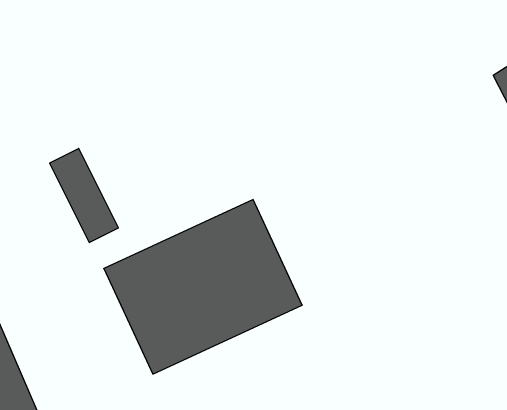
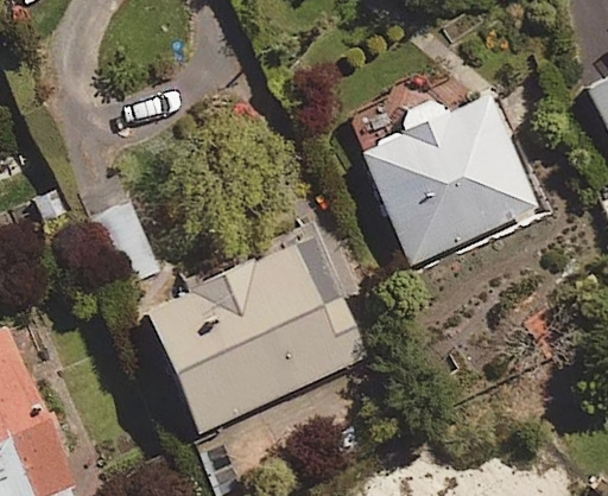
building: none -> [361,94,542,262]

